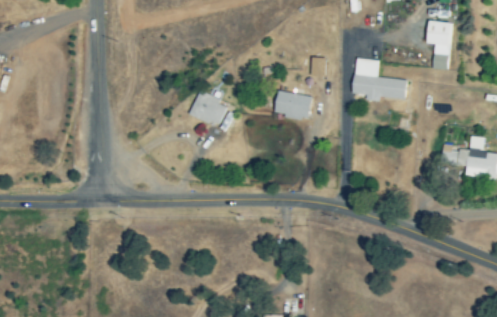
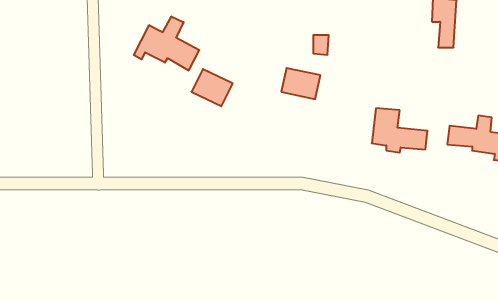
building: none -> [134,16,199,71]
building: [351,58,405,101] -> [372,108,428,153]

